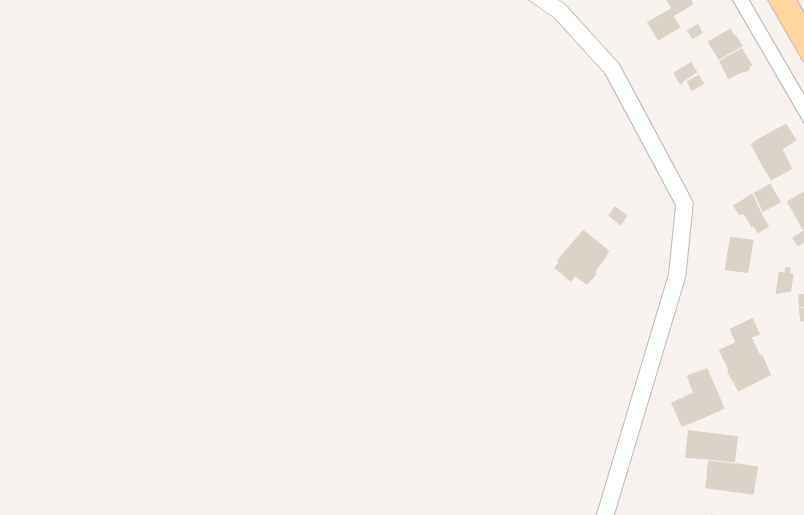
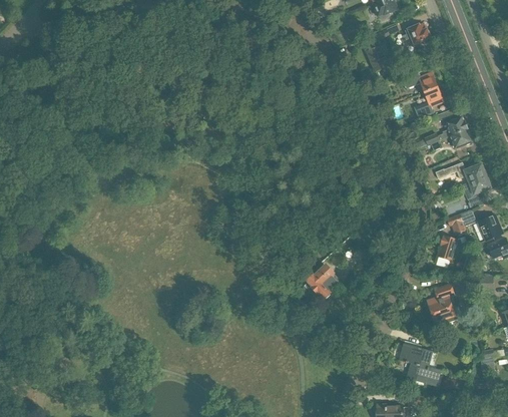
building: none -> [435,161,485,181]
building: [553,229,610,286] -> [305,265,339,298]
building: [670,367,725,427] -> none

